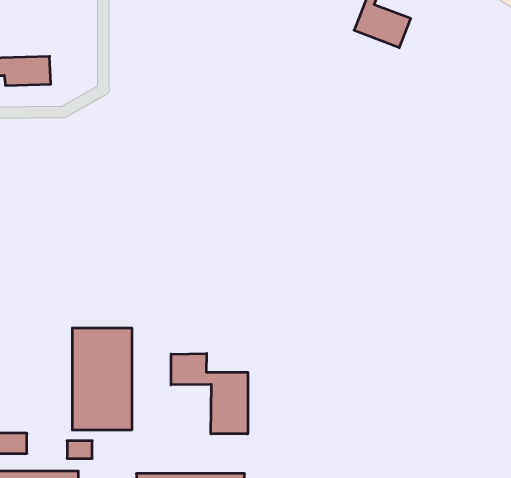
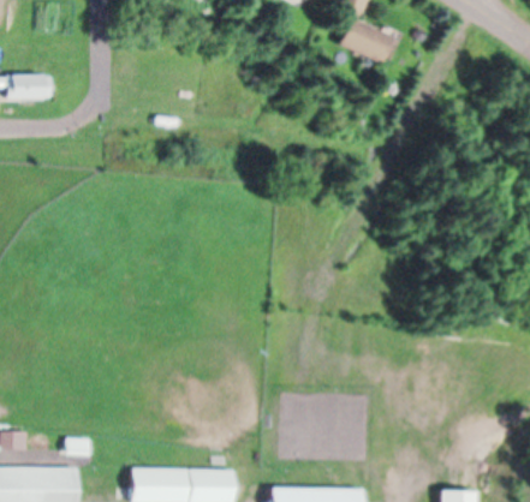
building: [72,328,132,430] -> none
building: [171,353,248,434] -> none

